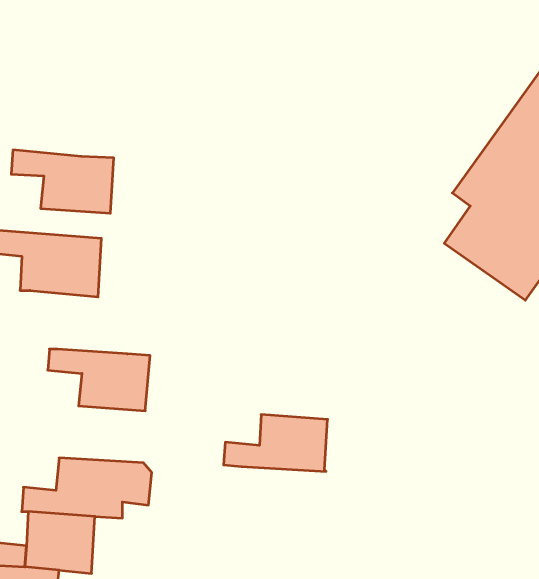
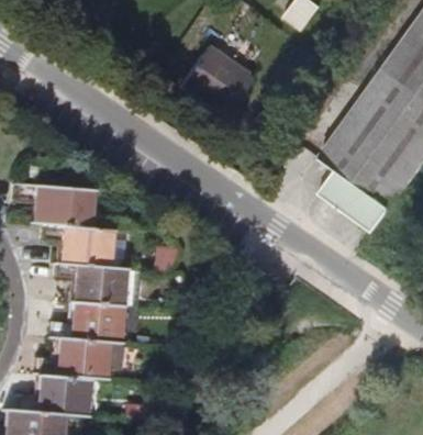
building: none -> [182,46,256,119]
building: [11,150,114,213] -> [40,222,109,265]
building: [224,415,328,471] -> [48,300,119,338]

